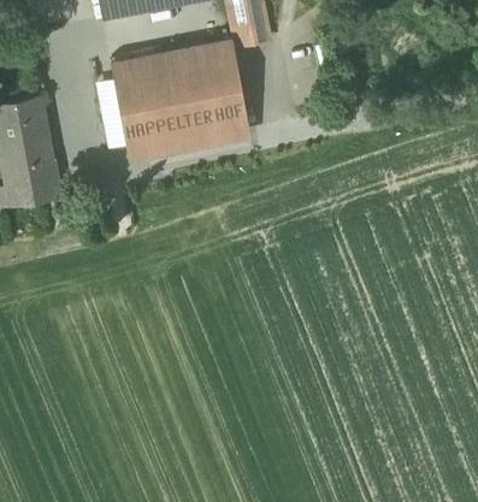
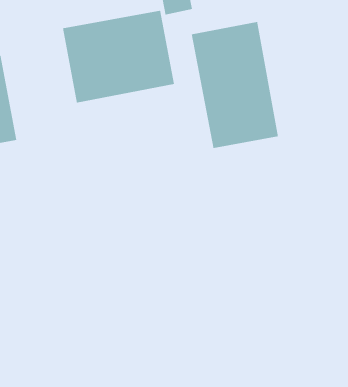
building: none -> [191,21,279,149]

